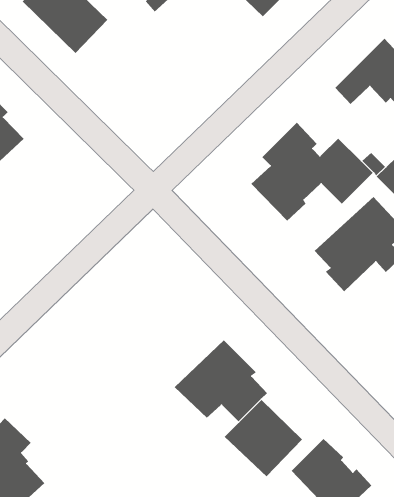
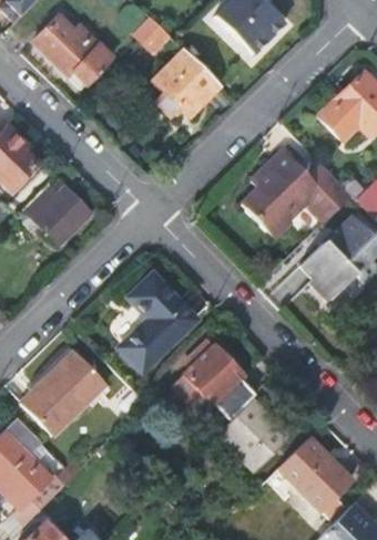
building: none -> [157,49,222,115]
building: none -> [27,180,95,245]
building: none -> [119,272,197,371]
building: none -> [24,349,109,434]

